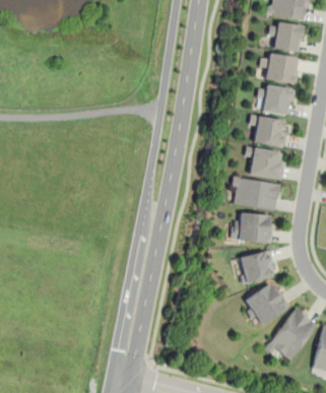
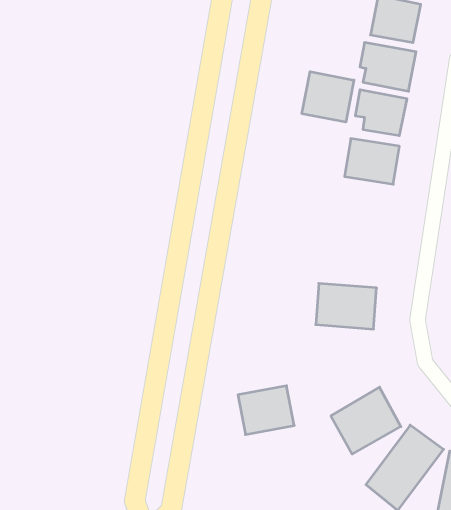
building: none -> [302,72,354,122]
building: [245,146,283,178] -> none
building: [229,177,279,210] -> none
building: [239,250,276,282] -> [238,386,294,435]

